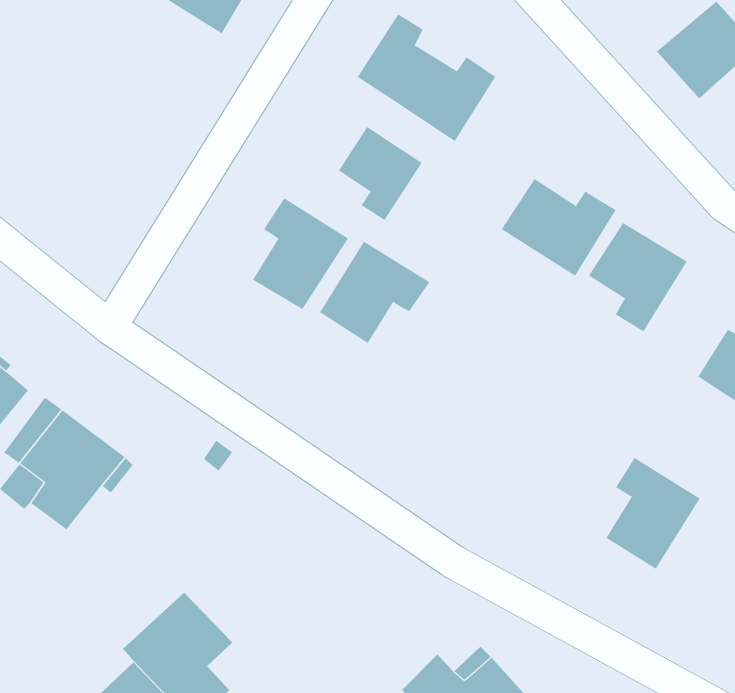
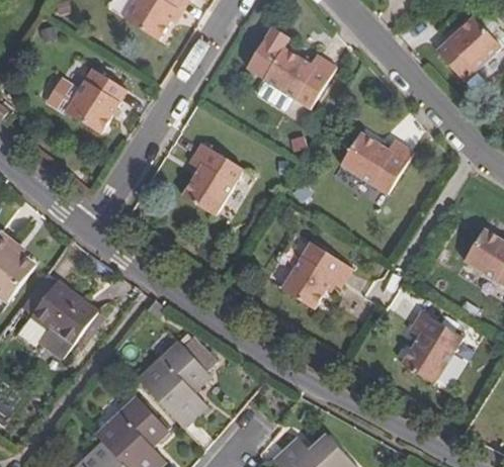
building: none -> [63,67,127,133]
building: [338,126,423,221] -> none
building: [588,222,687,332] -> none
building: [319,241,430,344] -> [282,242,353,307]
building: none -> [139,335,217,427]

